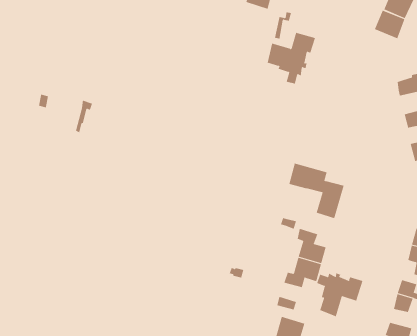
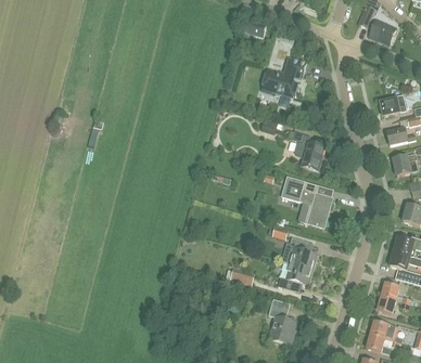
building: [374,10,405,39] -> none
building: none -> [291,131,323,170]
building: [316,272,363,317] -> none

